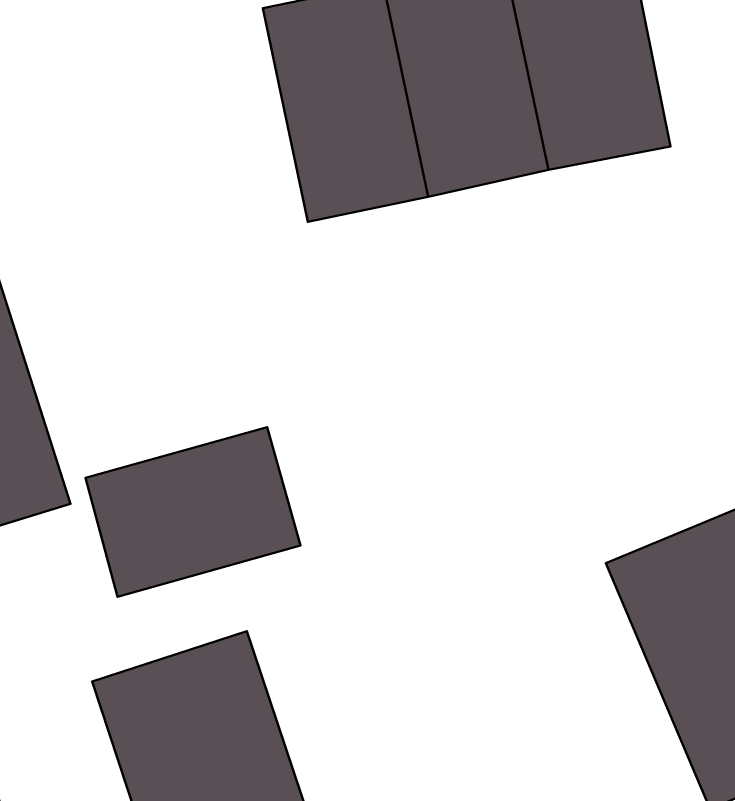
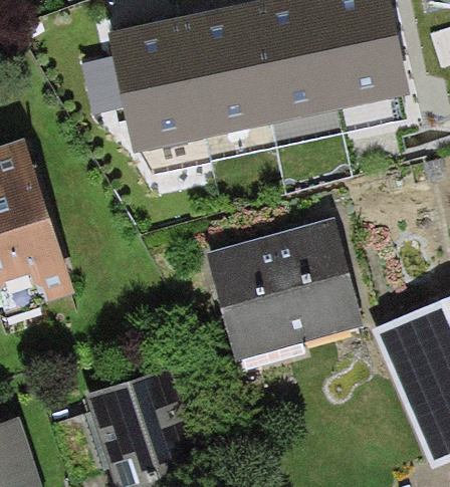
building: none -> [109,18,206,153]
building: none -> [206,217,362,359]
building: [86,427,300,597] -> none

